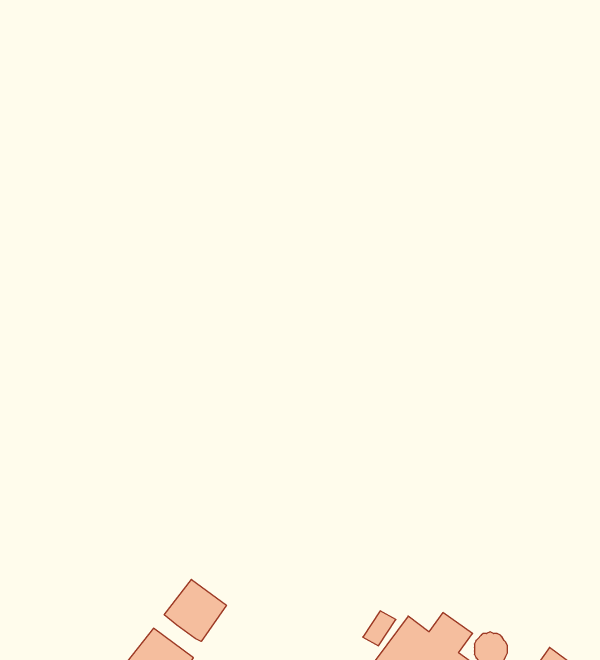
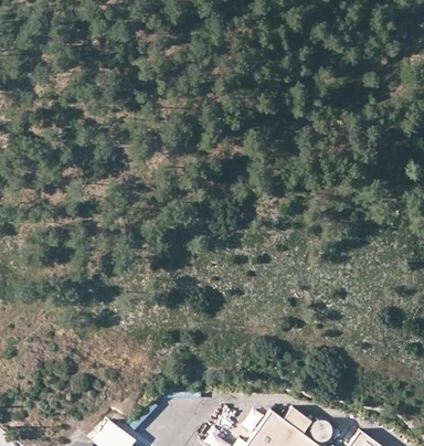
building: [164,579,226,641] -> none

